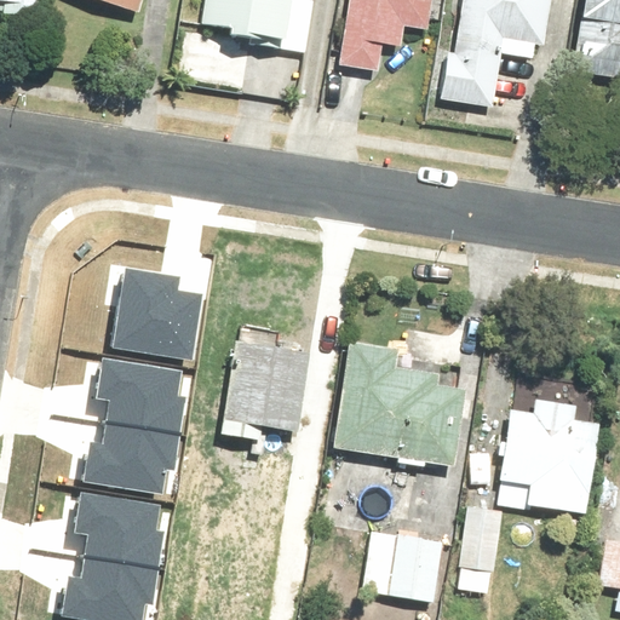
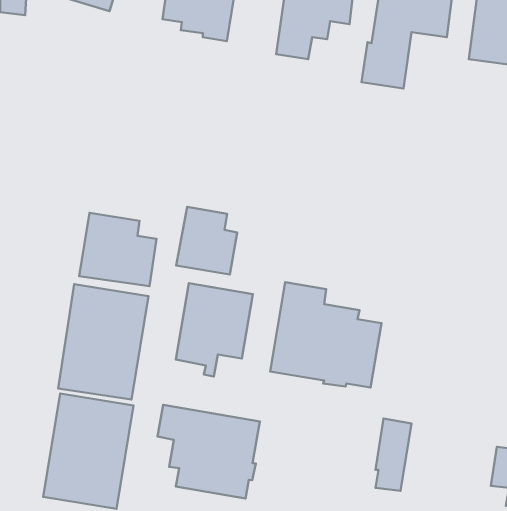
building: none -> [176,207,237,275]
building: [499,400,601,515] -> none
building: none -> [158,405,260,498]
building: [363,528,446,603] -> none

